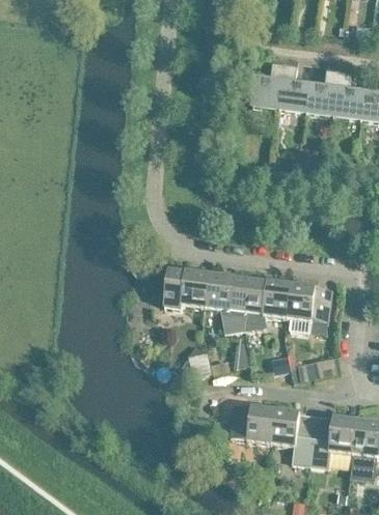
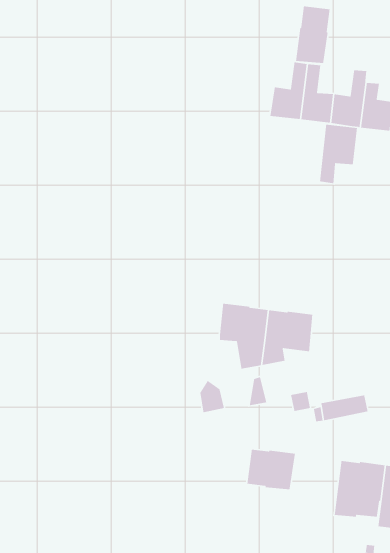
building: none -> [295,5,331,64]
building: none -> [319,124,358,184]
building: [165,269,210,309] -> none
building: [289,284,333,332] -> none
building: [271,409,317,465] -> none

